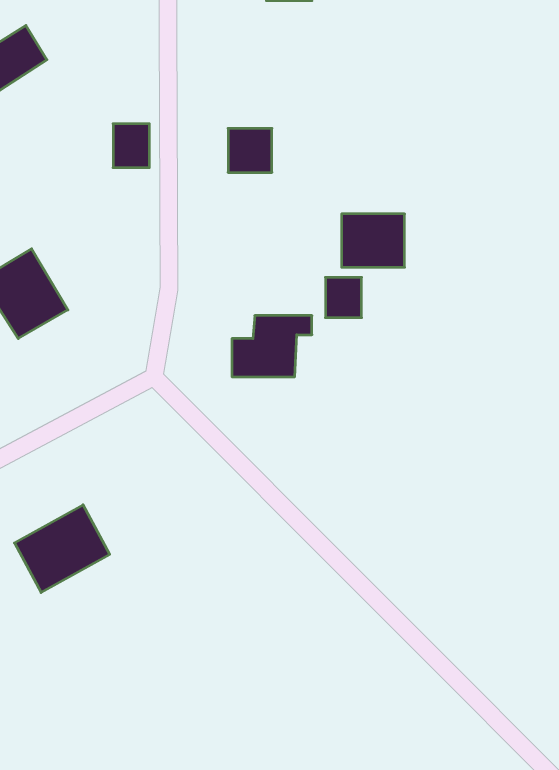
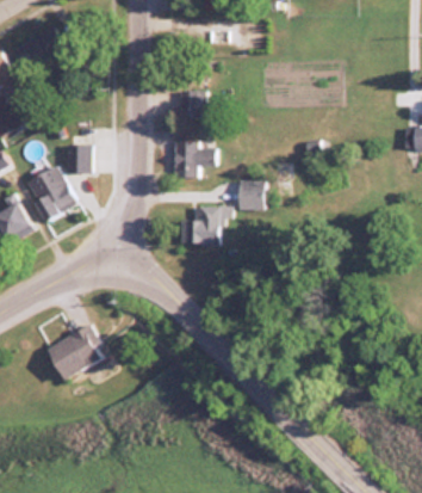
building: [113,124,149,168] -> [68,144,91,172]
building: [342,214,405,267] -> [175,141,215,174]

